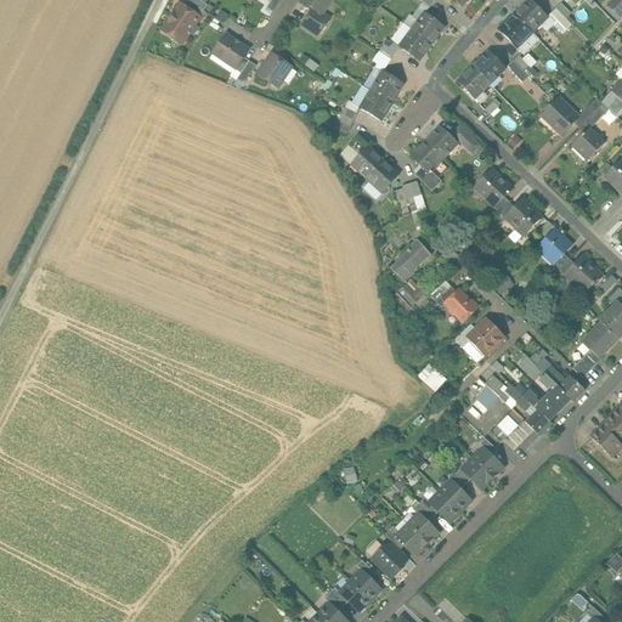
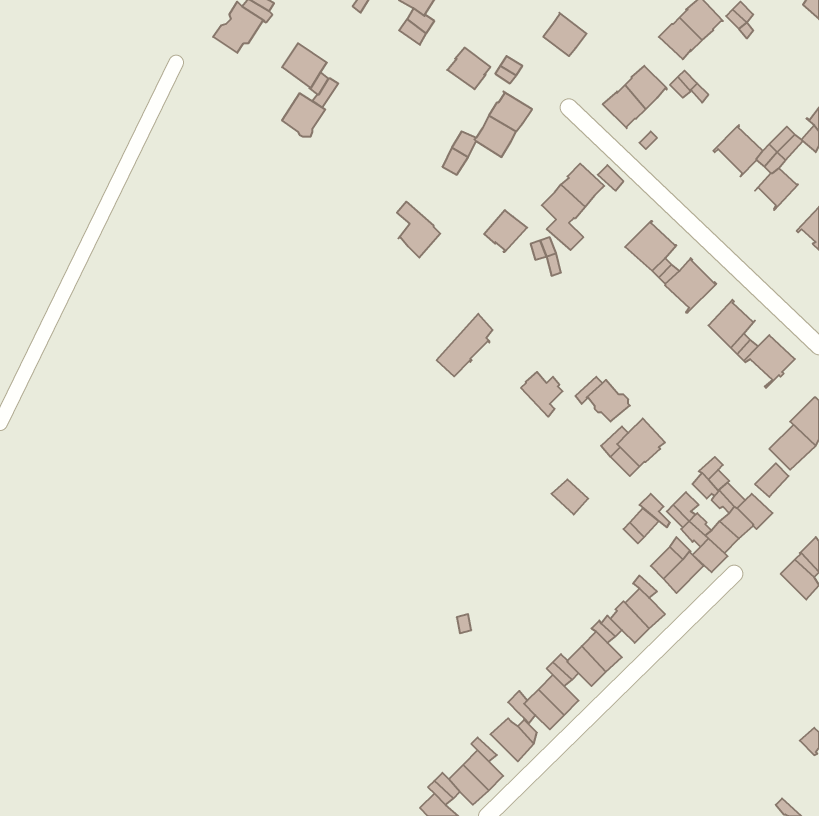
building: [398,28,431,60] -> [447,48,490,89]
building: [259,52,292,85] -> [282,93,325,137]
building: [350,135,383,177] -> [397,202,440,258]
building: [391,232,434,279] -> [437,314,493,376]

